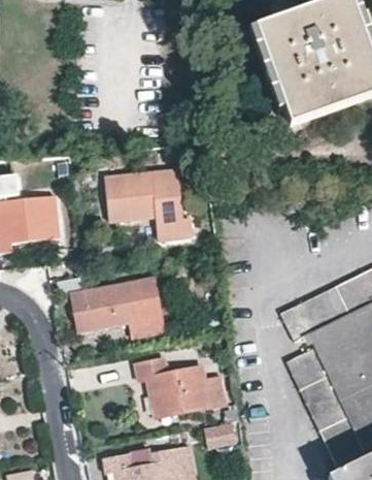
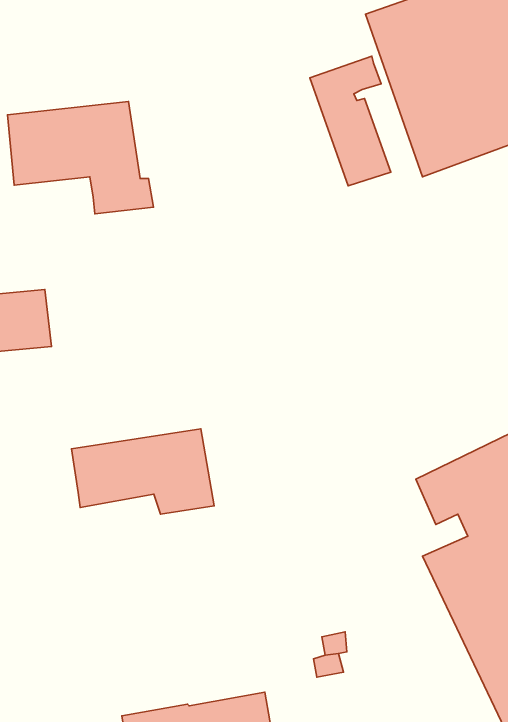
building: none -> [310,56,391,186]
building: [104,168,194,237] -> [8,101,154,214]
building: [137,358,224,416] -> none

